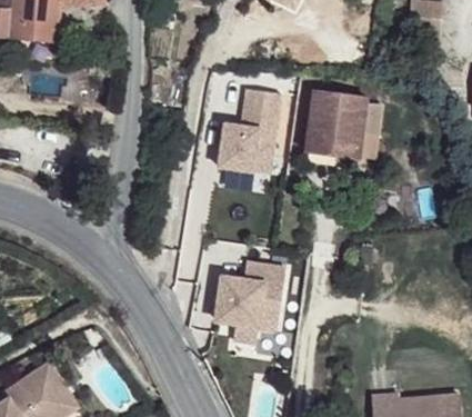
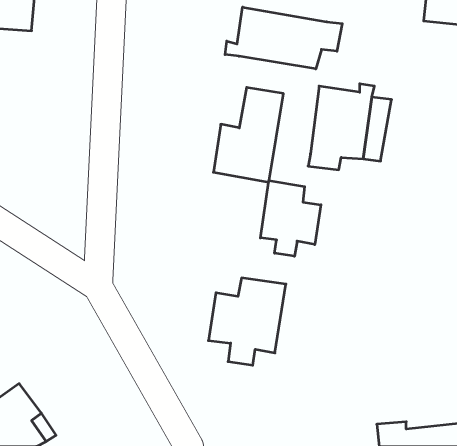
building: none -> [225,7,342,69]
building: none -> [260,181,321,256]

